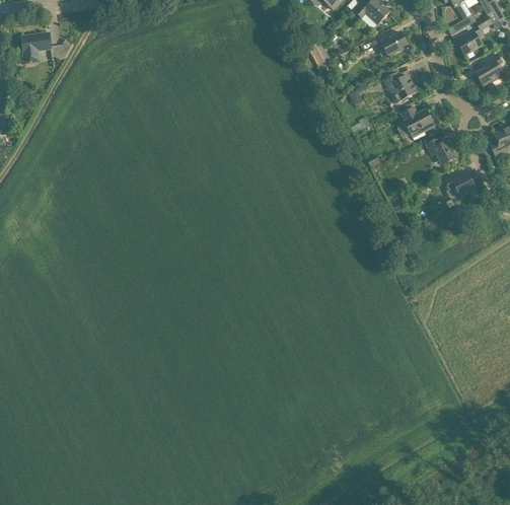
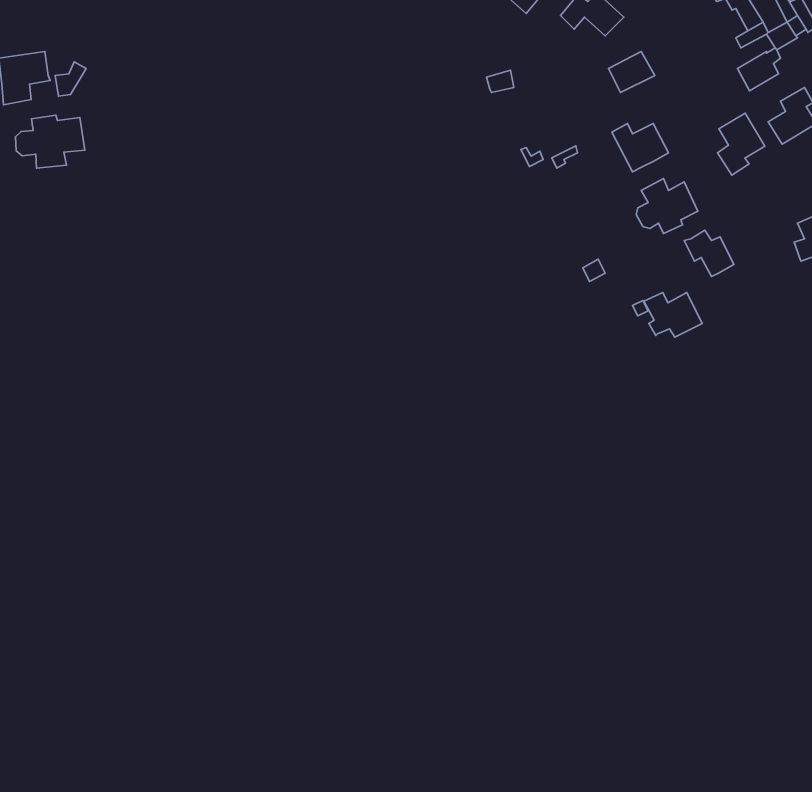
building: none -> [718,113,765,175]
building: none -> [15,115,85,168]
building: [443,171,478,198] -> [644,293,702,337]

